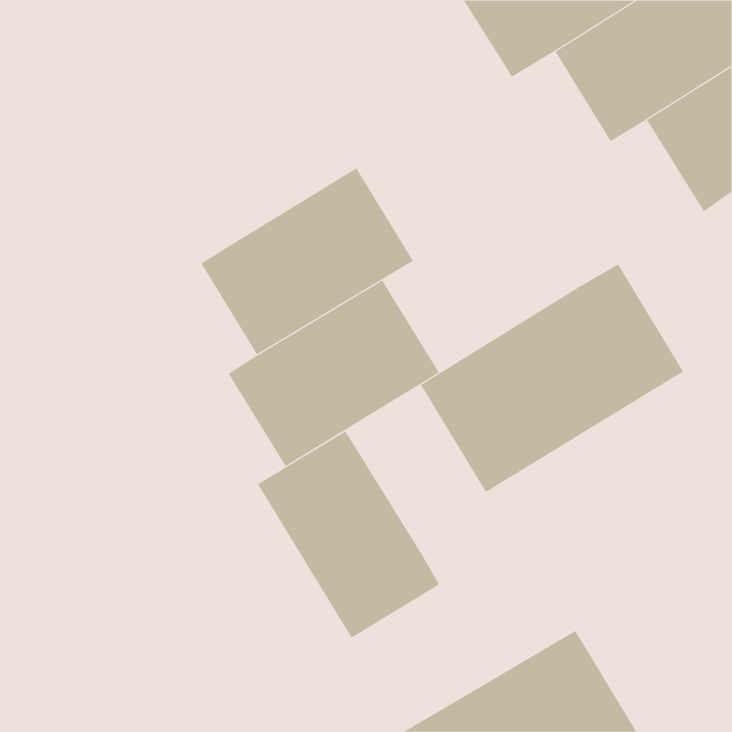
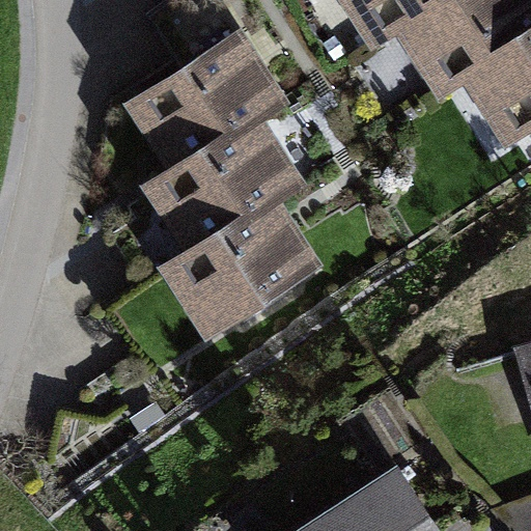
building: none -> [129,43,284,177]
building: [420,264,684,493] -> none
building: [257,430,440,638] -> none

